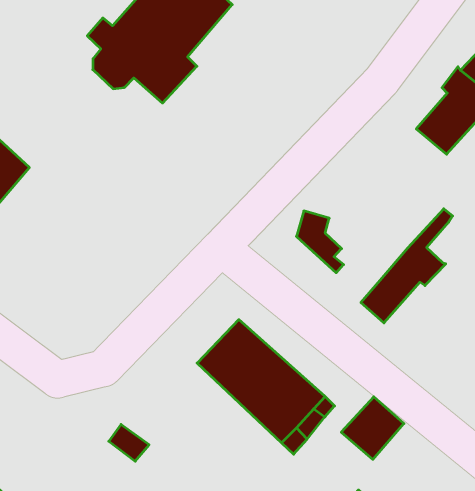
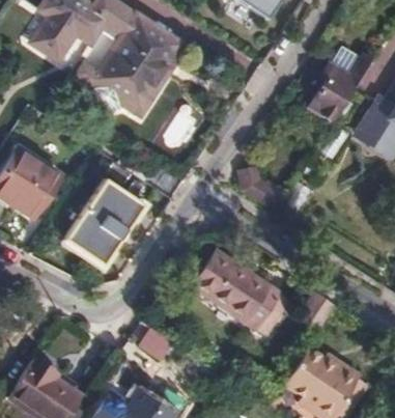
building: none -> [63,177,143,263]
building: [361,209,453,323] -> none

